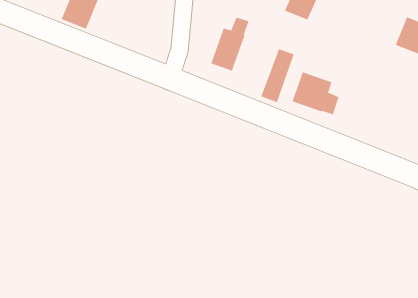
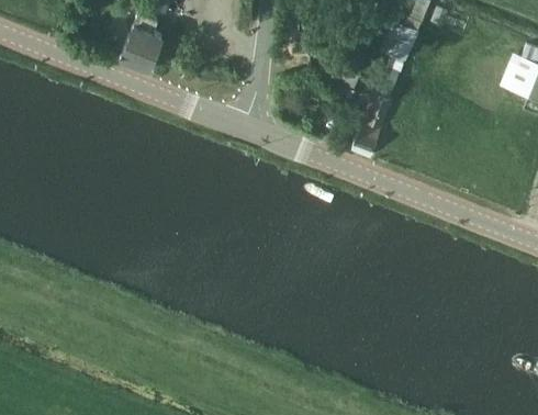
building: [211,17,249,72] -> none
building: [292,72,339,115] -> none

